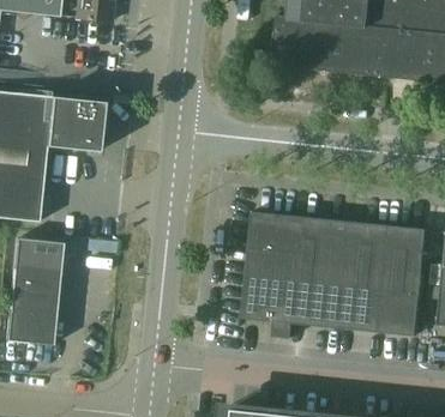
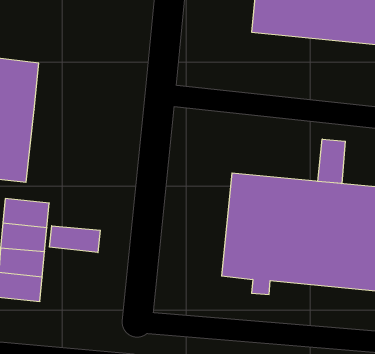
building: [47,96,104,151] -> none
building: none -> [318,139,345,184]
building: none -> [50,226,100,253]

